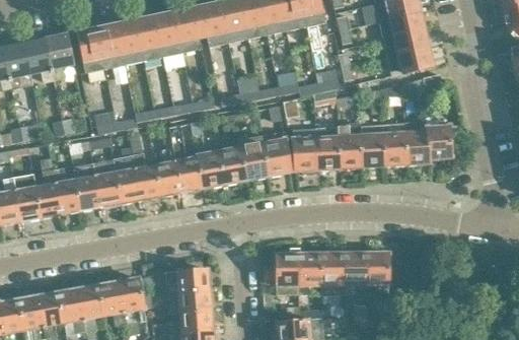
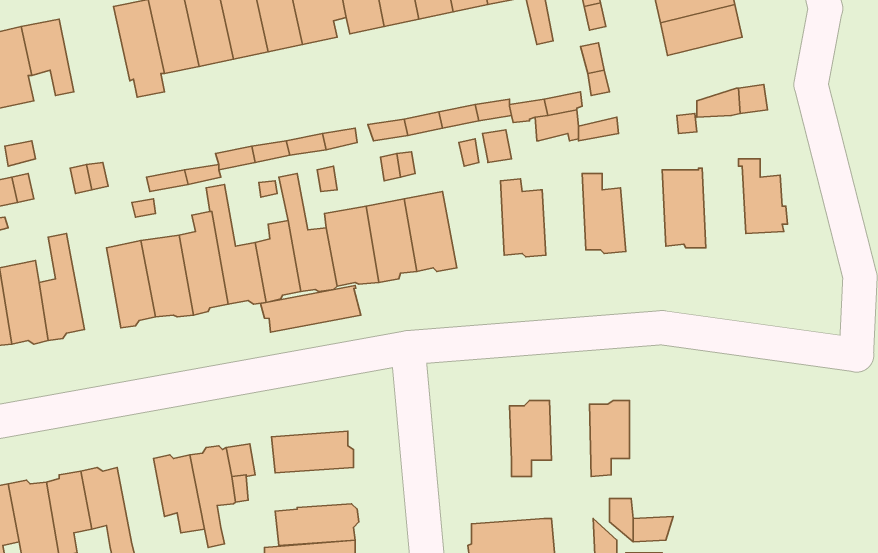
building: [48,33,74,78] -> none
building: [387,48,433,74] -> none
building: [406,120,431,165] -> none
building: [361,122,386,167] -> none
building: [316,124,342,169] -> none
building: [262,130,292,177] -> none
building: [54,166,82,211] -> none
building: none -> [261,286,361,332]
building: [265,251,300,293] -> none
building: [321,251,345,293] -> none
building: [366,251,389,292] -> none
building: [80,283,106,331] -> none
building: [168,288,213,313] -> none

